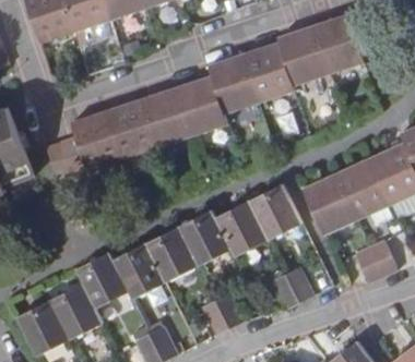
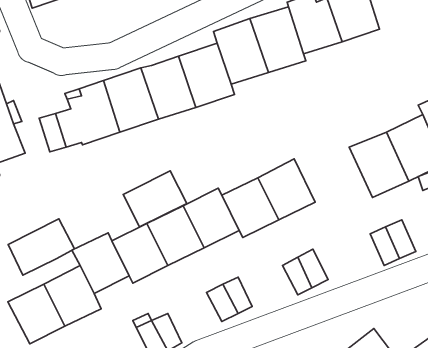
building: [303,172,357,234] -> none
building: none -> [123,171,187,227]
building: none -> [8,219,74,275]

